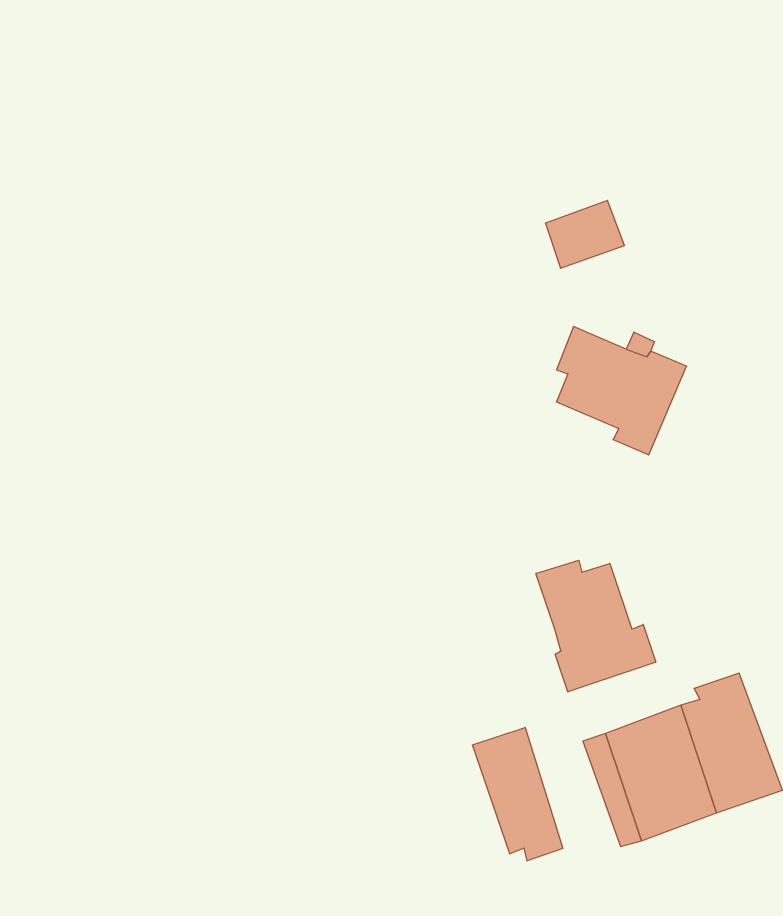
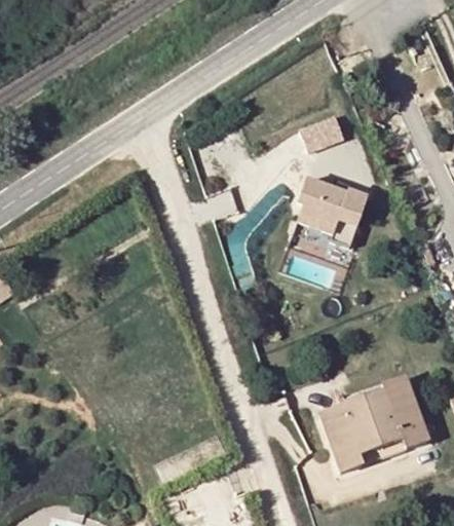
building: [536,560,656,692] -> none
building: [473,727,563,861] -> none

